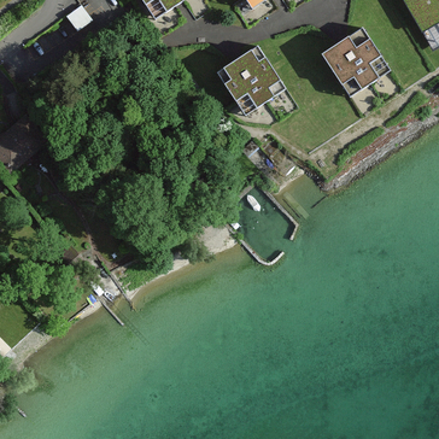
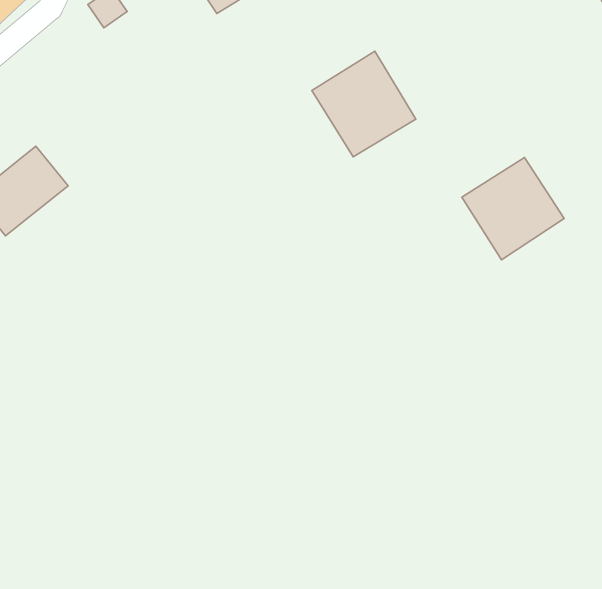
building: [321,28,390,96] -> [462,158,564,260]

